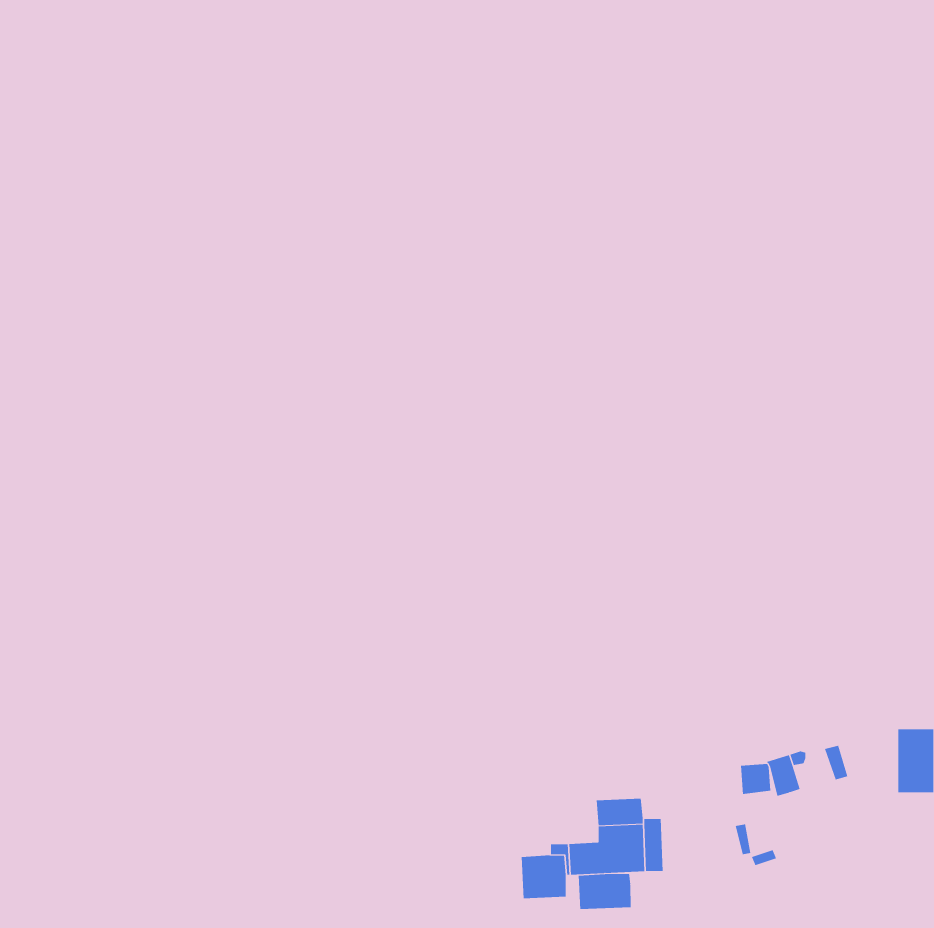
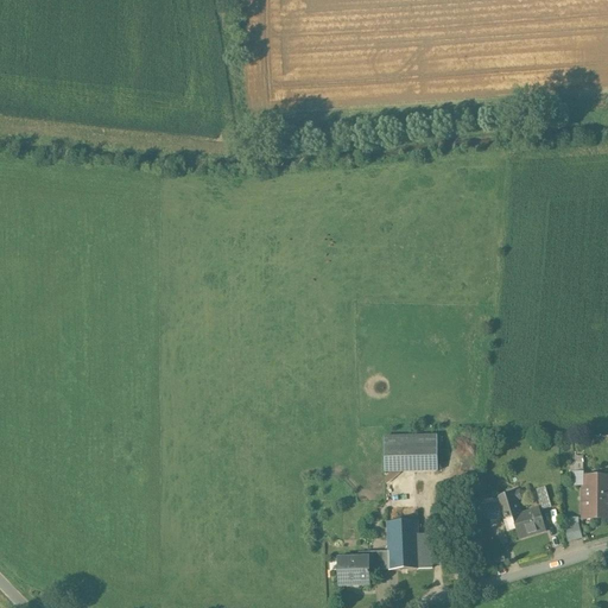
building: none -> [385,433,437,470]
building: none -> [513,507,545,536]
building: [578,873,631,910] -> none

